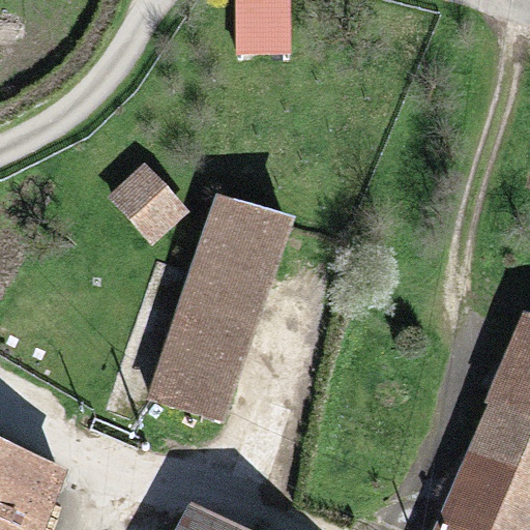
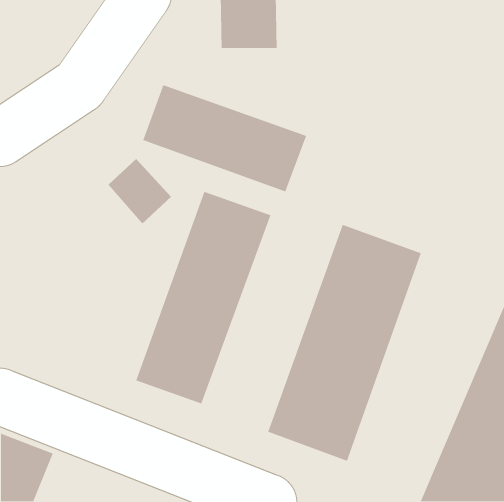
building: none -> [142,84,307,192]
building: none -> [267,224,422,462]

